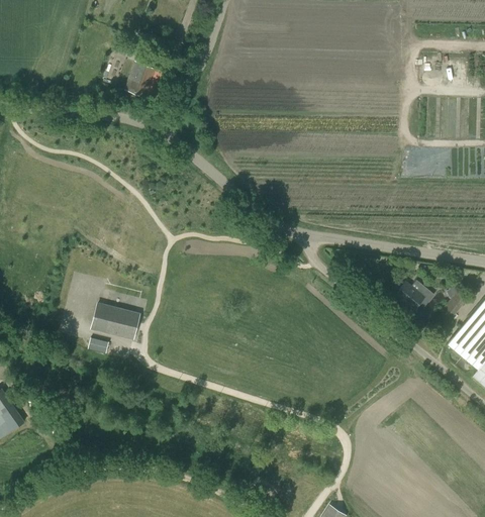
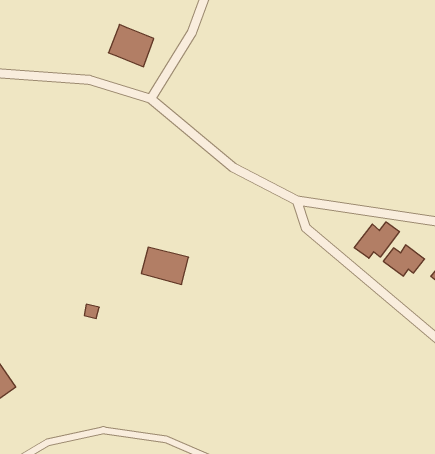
building: none -> [354,222,399,258]
building: [93,303,140,340] -> [141,247,189,284]

